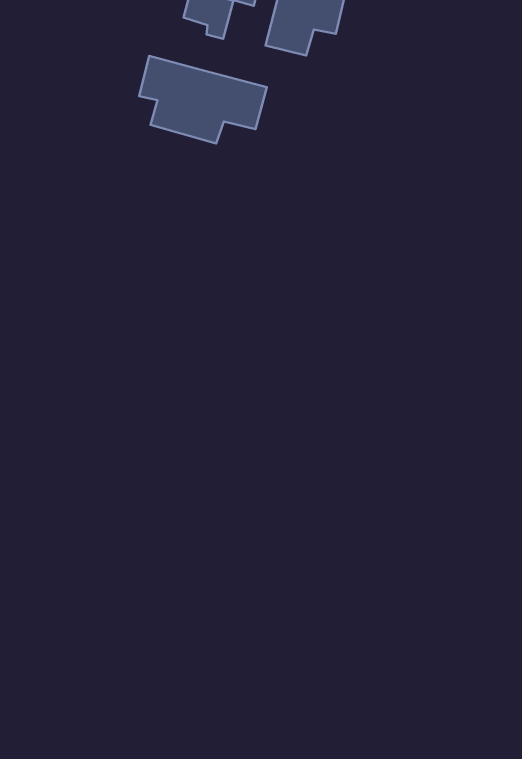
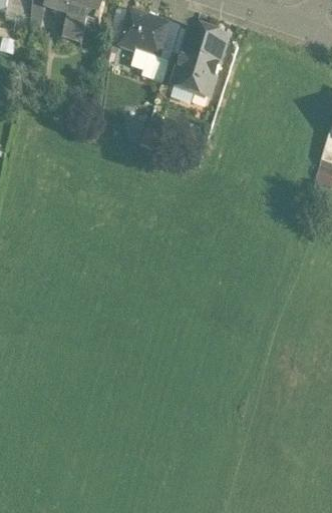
building: [139,56,267,143] -> none

